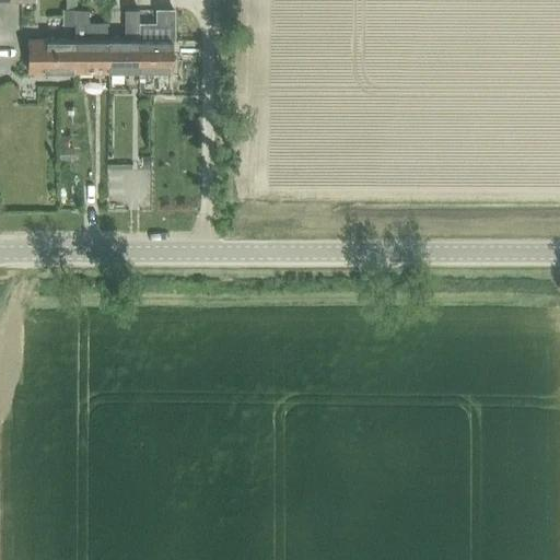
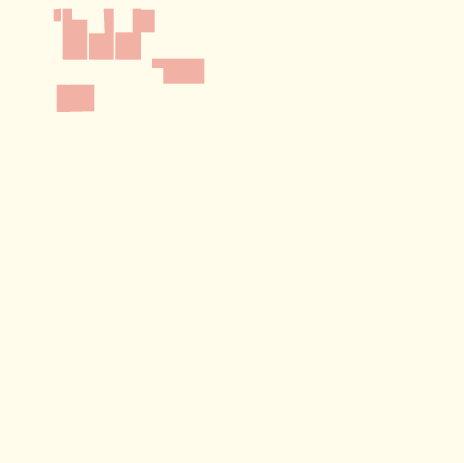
building: [28,42,75,75] -> [56,84,95,112]
building: none -> [152,58,205,85]

